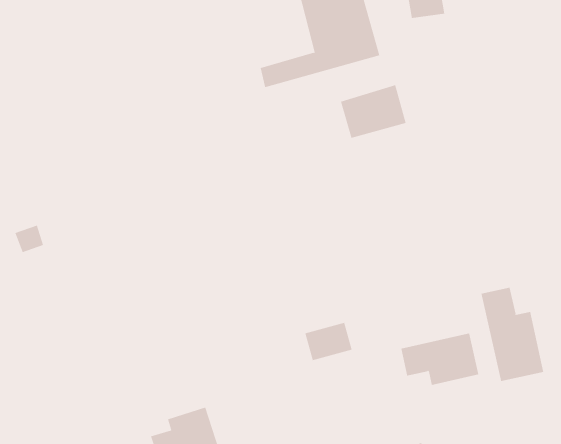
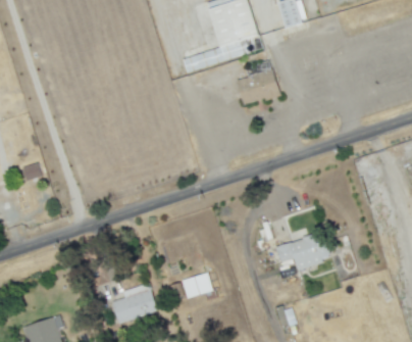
building: [481,287,544,382] -> none
building: [305,322,352,361] -> [178,273,210,298]

